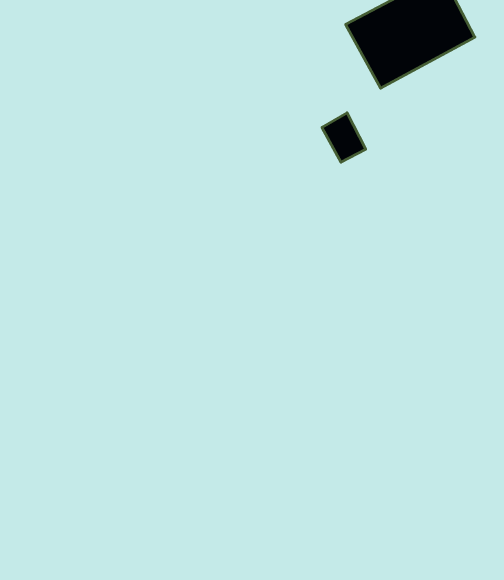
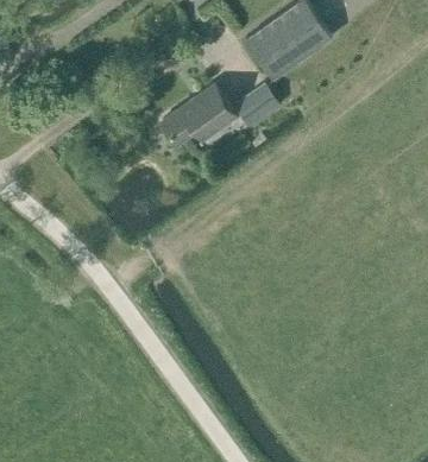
building: none -> [160,82,235,141]

